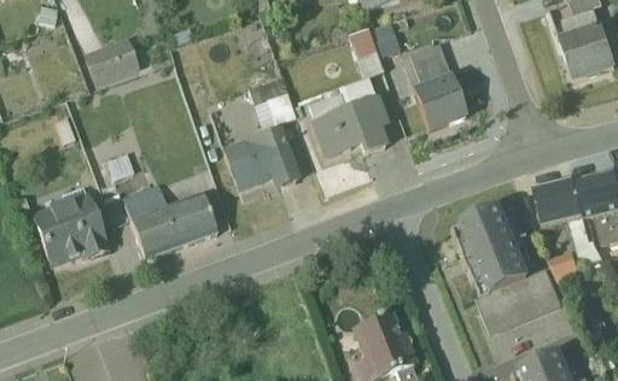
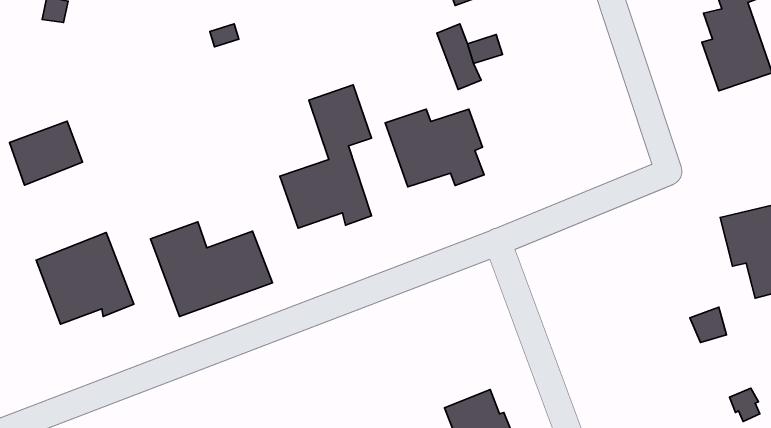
building: [82,35,140,86] -> [9,121,83,185]
building: [402,42,465,129] -> none
building: [532,178,604,264] -> none
building: [450,206,562,334] -> none

